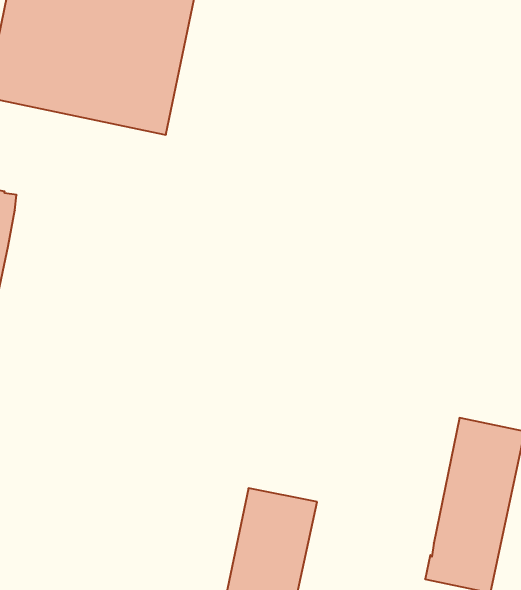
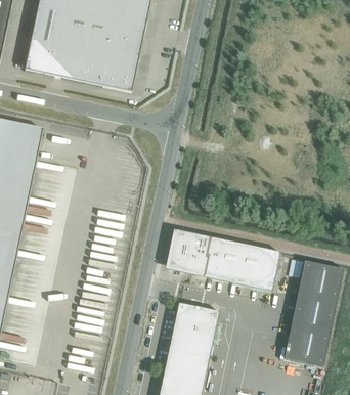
building: none -> [169,228,280,288]

